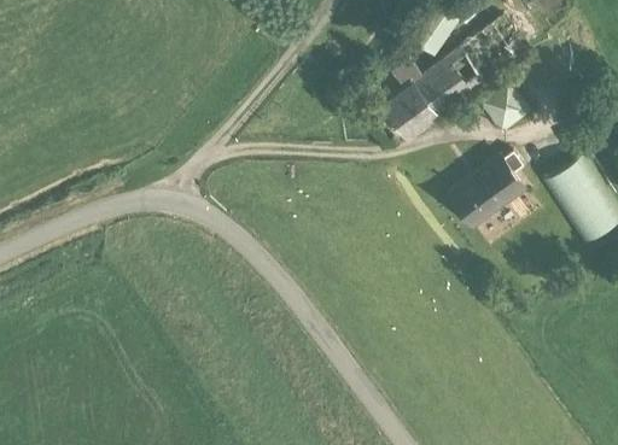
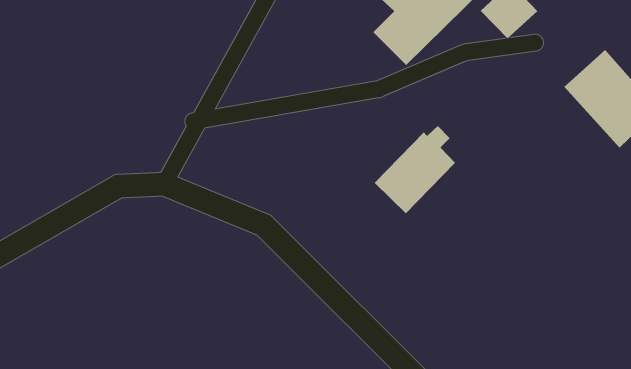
building: [447,152,523,227] -> [374,125,456,214]

